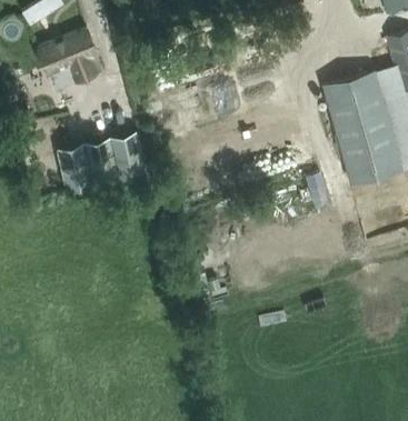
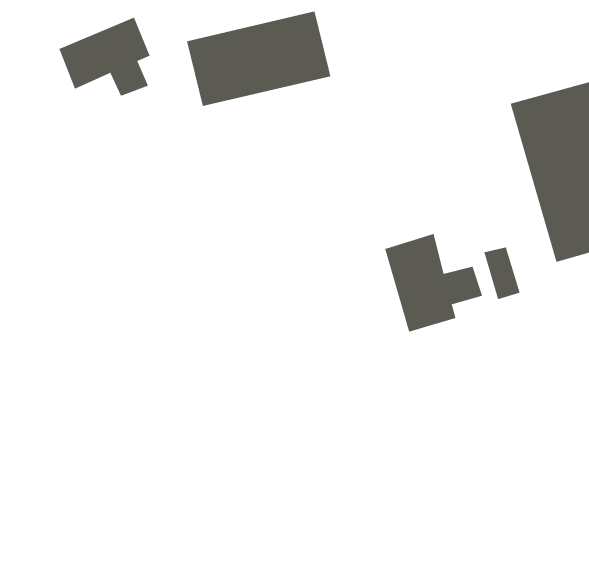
building: [58,132,149,192] -> [186,11,331,106]
building: none -> [385,233,483,333]

